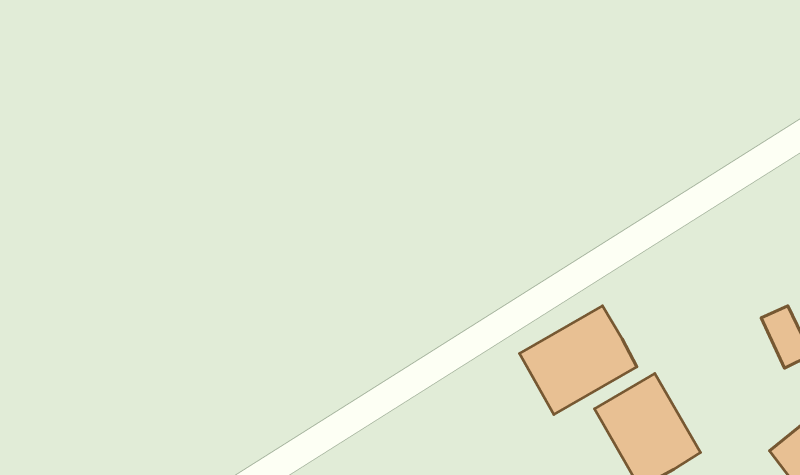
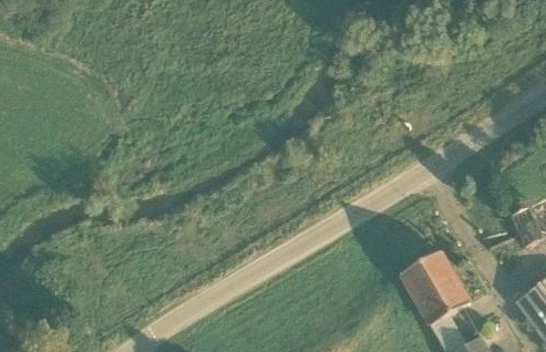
building: [519,306,637,414] -> none

